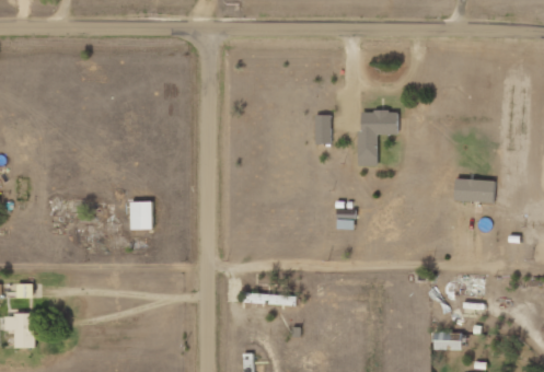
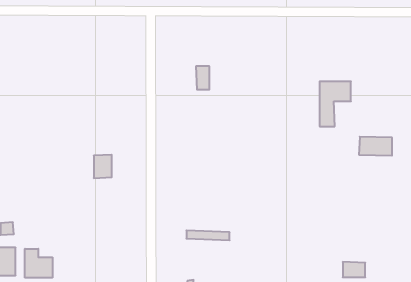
building: [359,111,397,165] -> [320,81,351,126]
building: [314,115,331,143] -> [196,66,209,90]
building: none -> [25,249,52,278]

